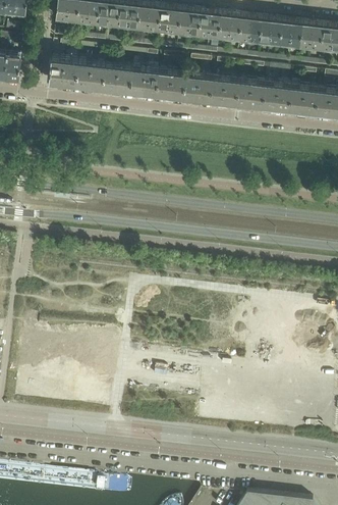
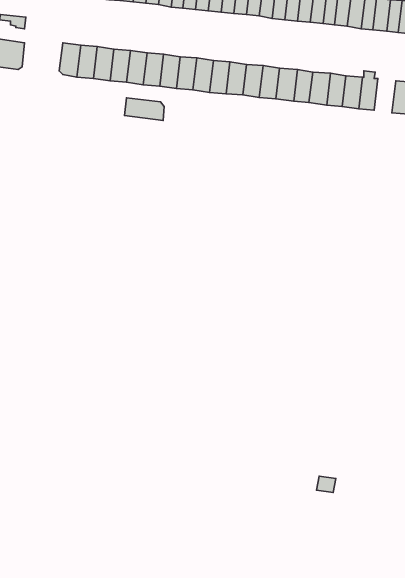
building: [300,89,318,116] -> none
building: none -> [124,98,164,120]

